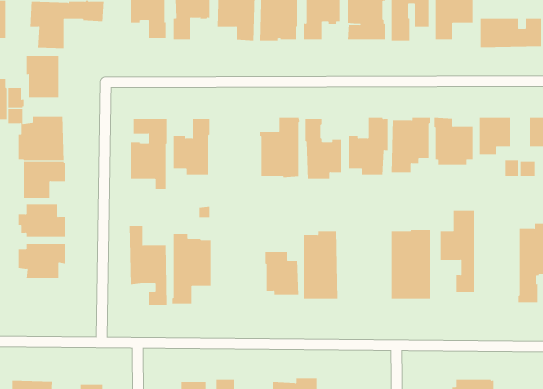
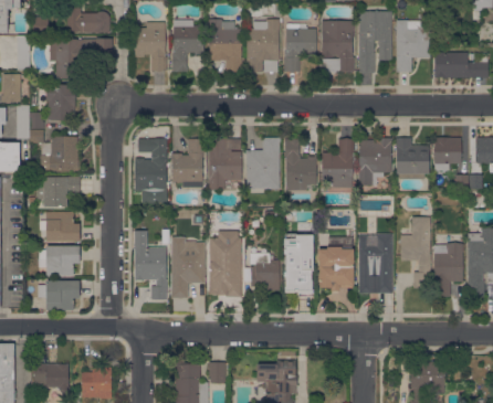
building: none -> [208,139,241,190]
building: none -> [210,240,241,293]
building: none -> [433,243,463,297]
building: none -> [317,247,354,291]
building: none -> [38,280,80,310]

